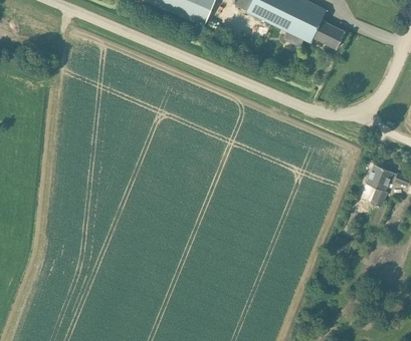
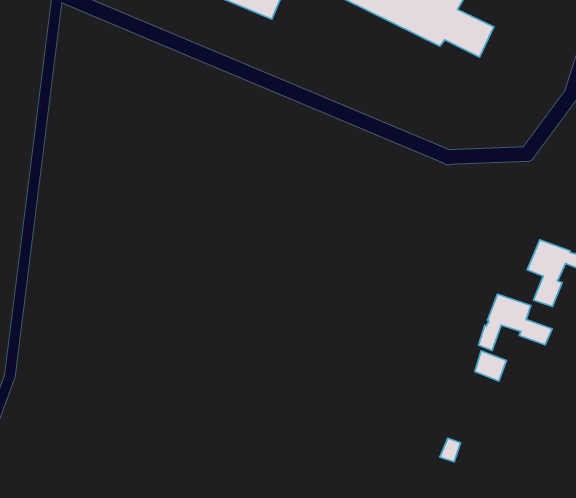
building: none -> [479,294,552,350]

